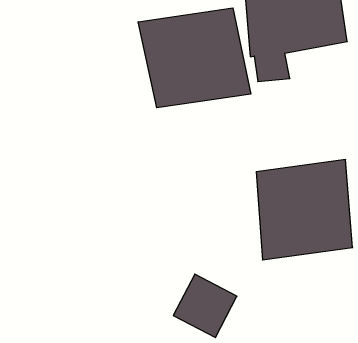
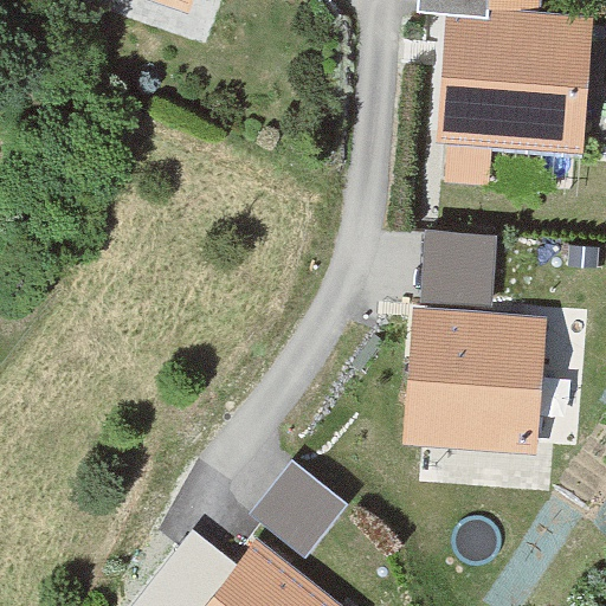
building: [138,8,251,108] -> none
building: none -> [425,217,504,294]

